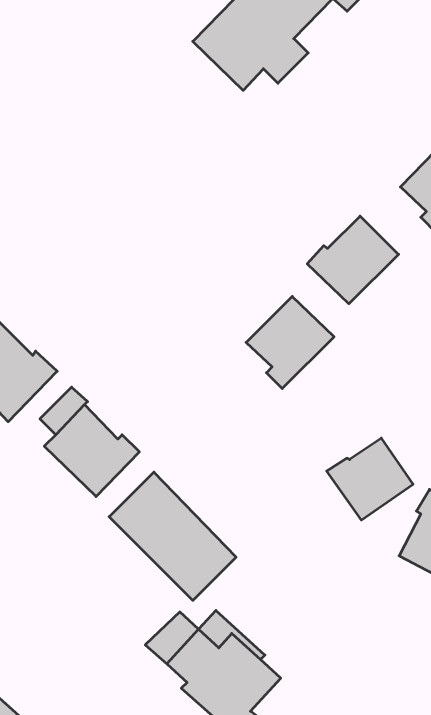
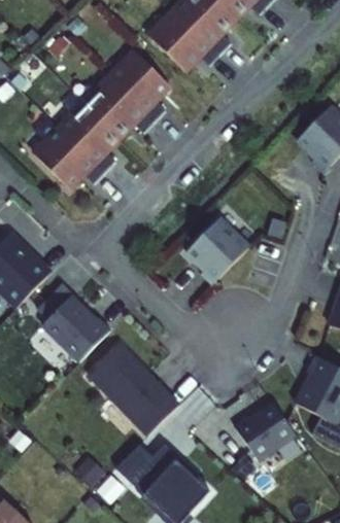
building: none -> [32,50,169,188]
building: [307,216,399,304] -> none
building: [327,438,413,520] -> [233,403,295,461]

